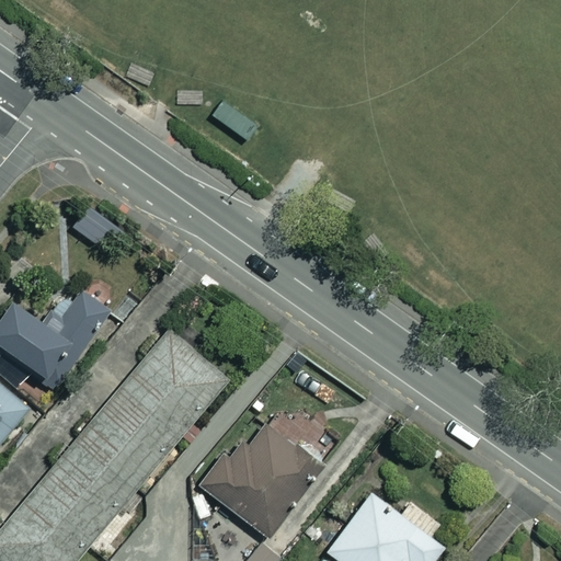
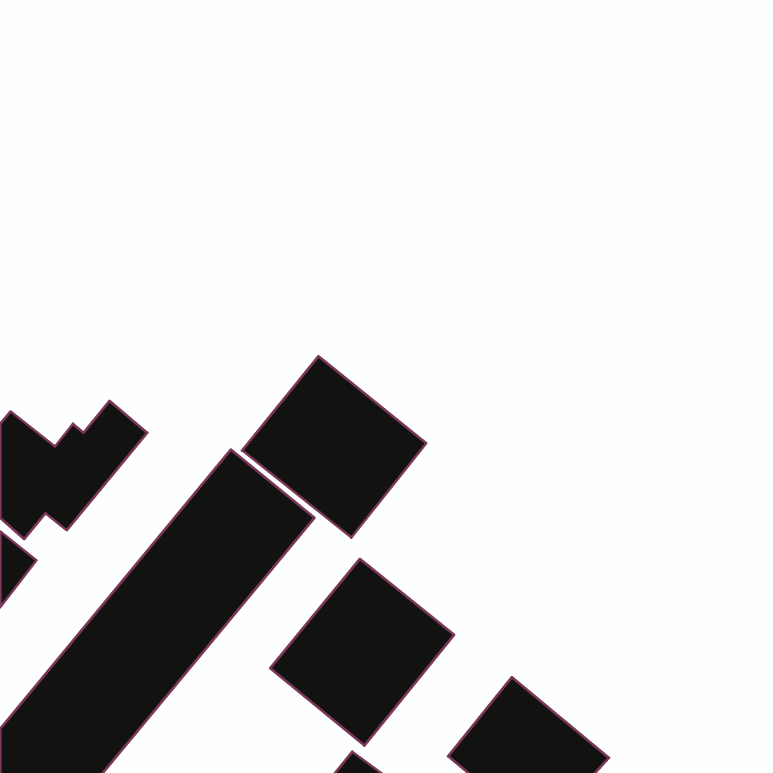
building: none -> [242,356,426,538]

